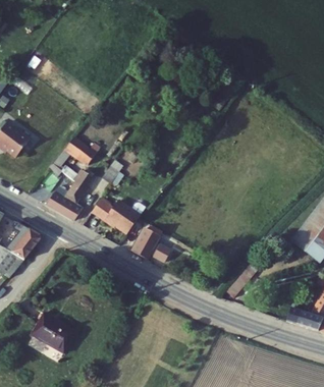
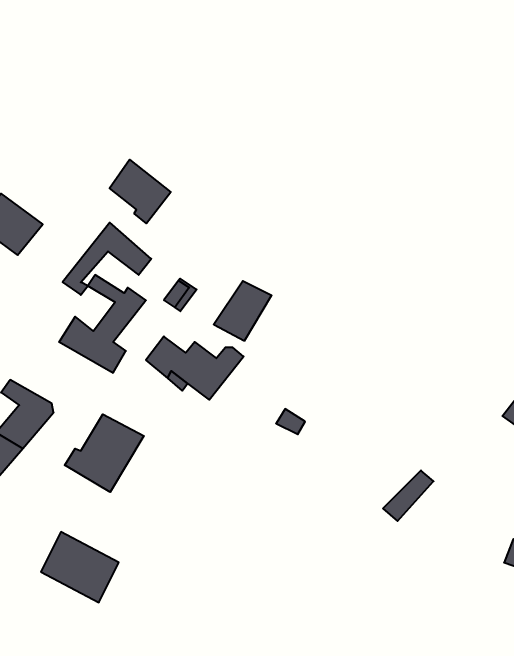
building: none -> [110,160,171,223]
building: [128,227,161,261] -> [214,281,272,341]
building: none -> [65,414,144,492]

